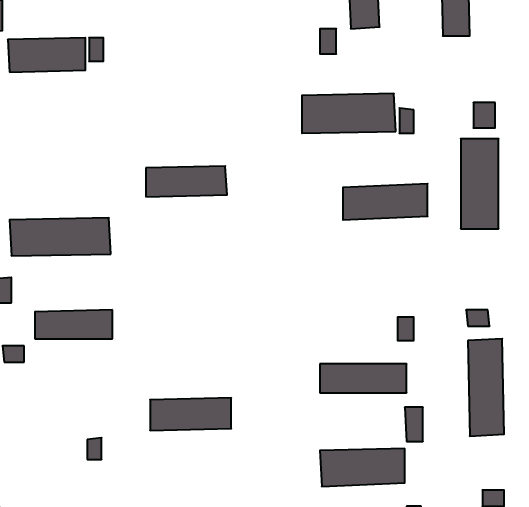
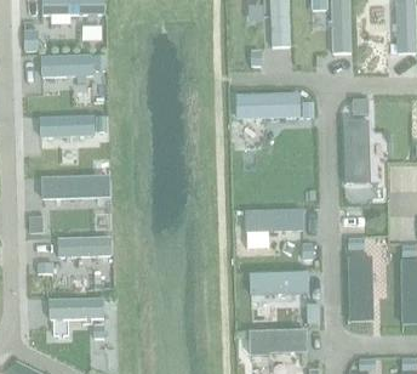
building: [146,166,227,197] -> [40,115,95,136]
building: [343,184,428,220] -> [245,208,302,232]
building: [150,398,231,430] -> [48,298,103,319]

